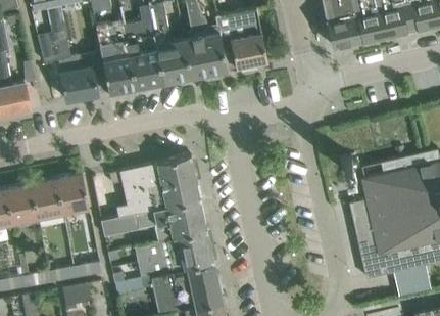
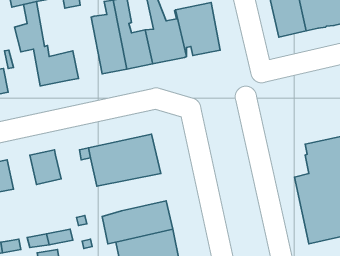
building: [95,21,135,94] -> none
building: [29,180,61,218] -> none
building: [100,200,206,242] -> none

